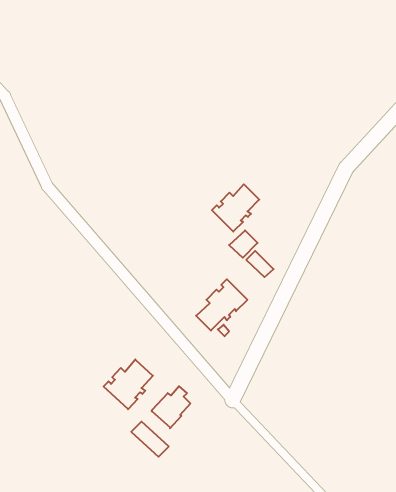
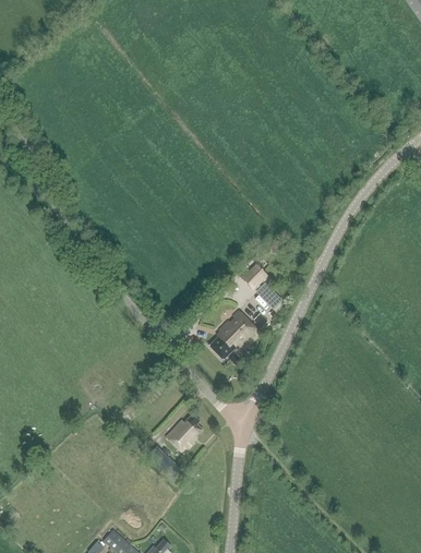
building: [212,184,259,232] -> none
building: [104,359,153,409] -> none

